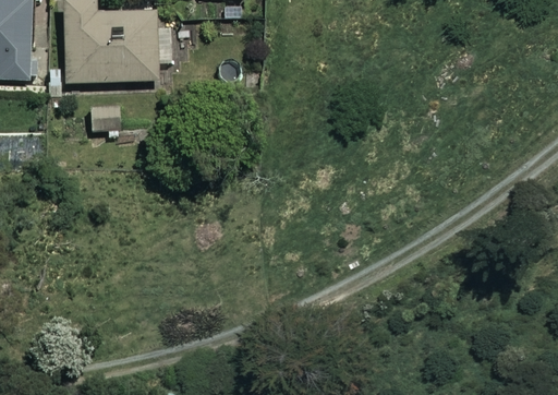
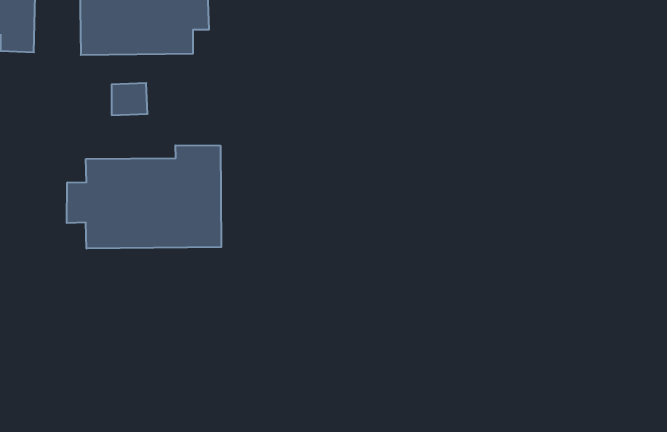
building: none -> [67,145,221,249]

